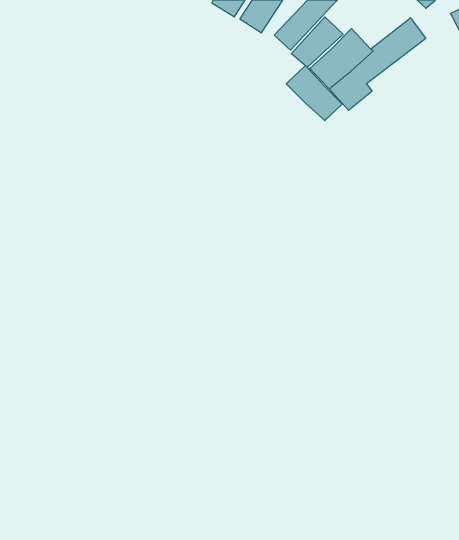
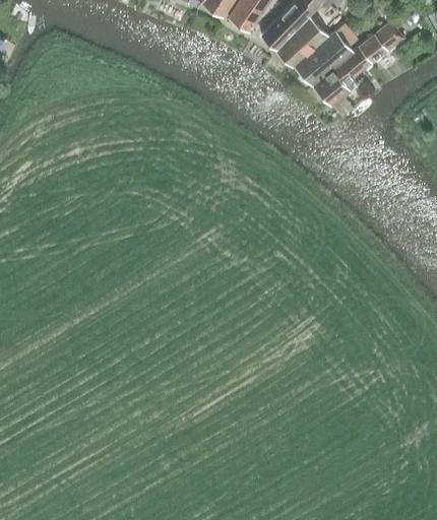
building: [286,66,342,121] -> none

